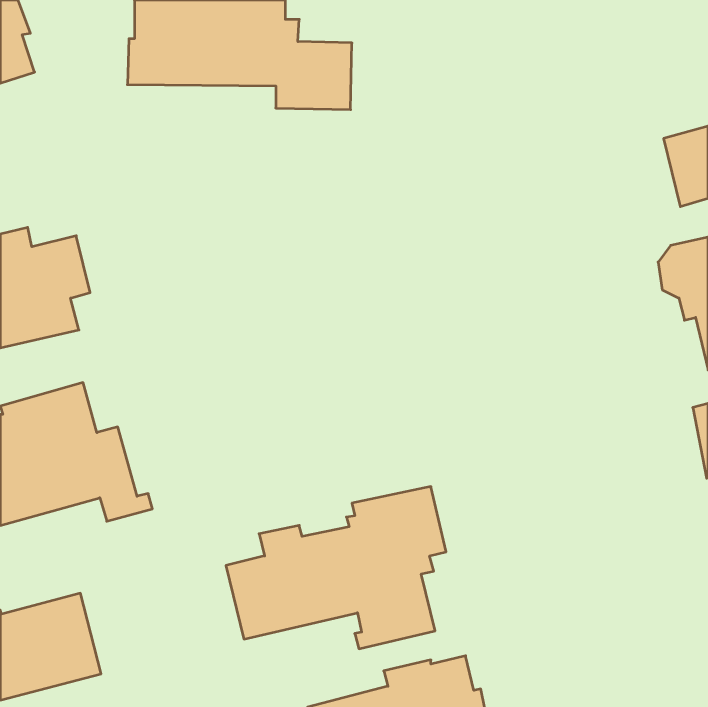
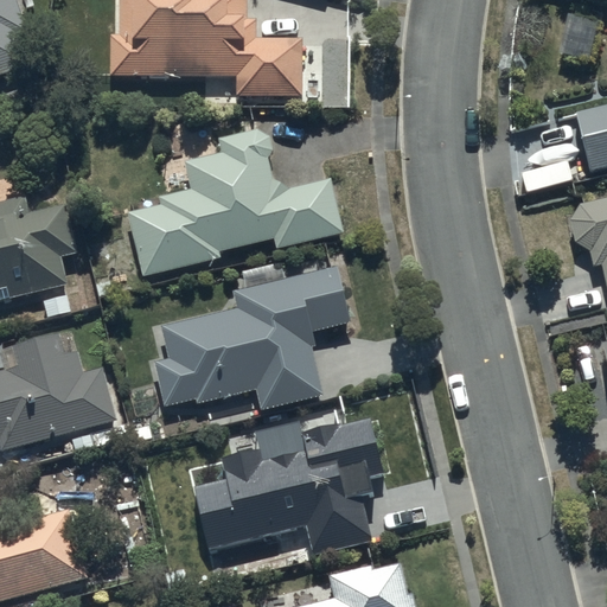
building: none -> [127,130,343,276]
building: none -> [154,257,350,409]

